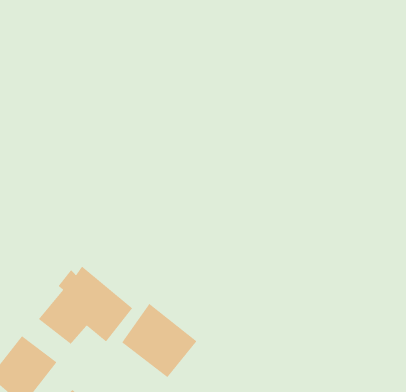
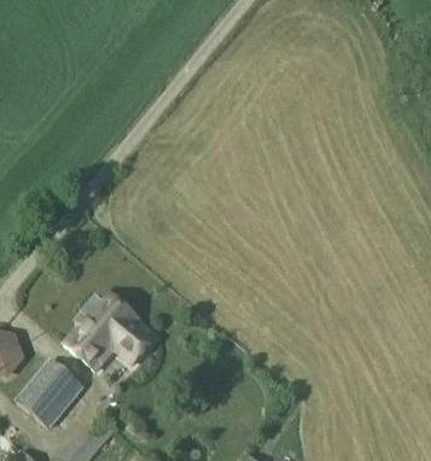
building: [121,303,197,378] -> none

